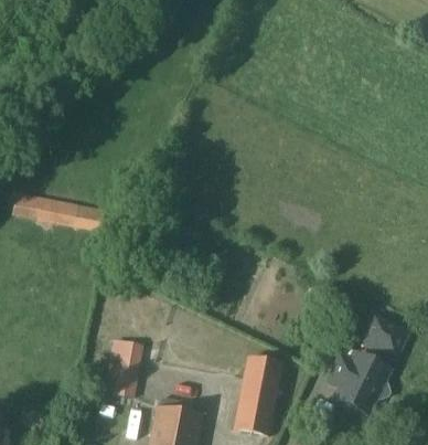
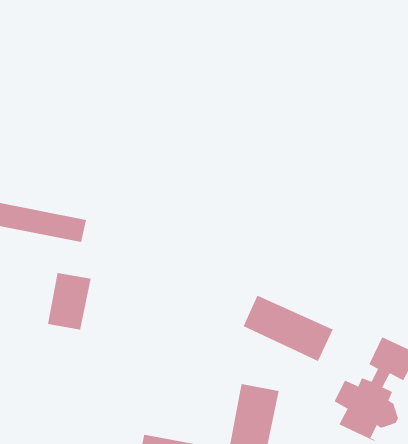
building: none -> [243,295,334,362]
building: [103,341,143,394] -> [47,272,92,330]

